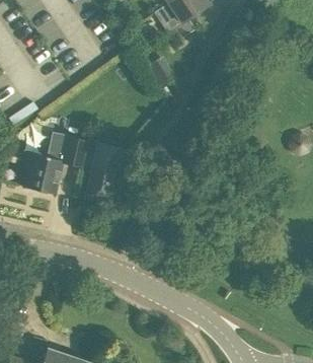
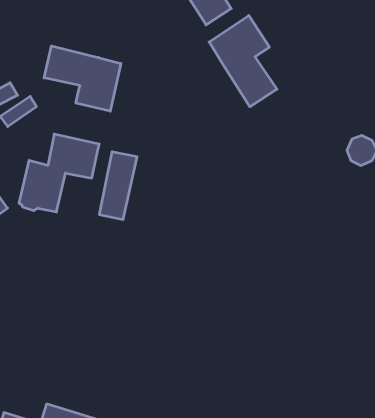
building: none -> [209,15,277,107]
building: none -> [44,46,121,111]

